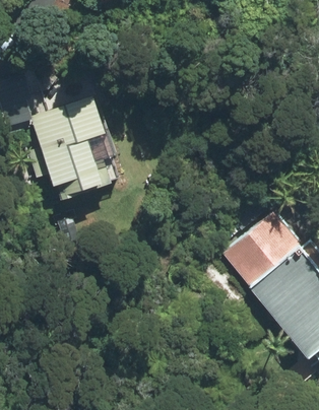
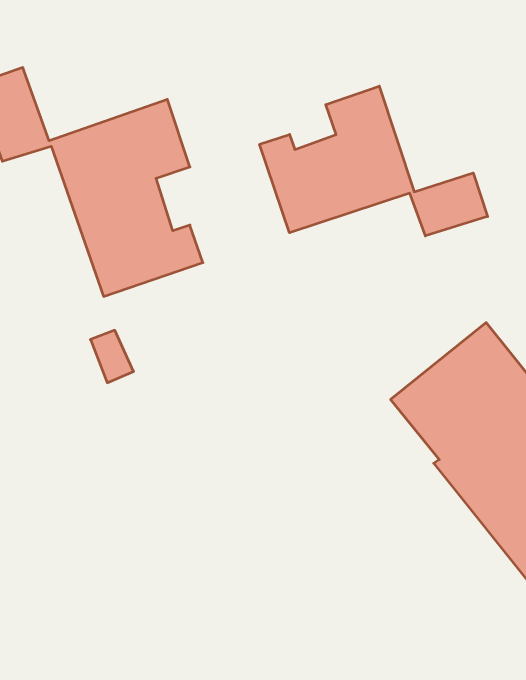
building: none -> [260,86,488,236]

